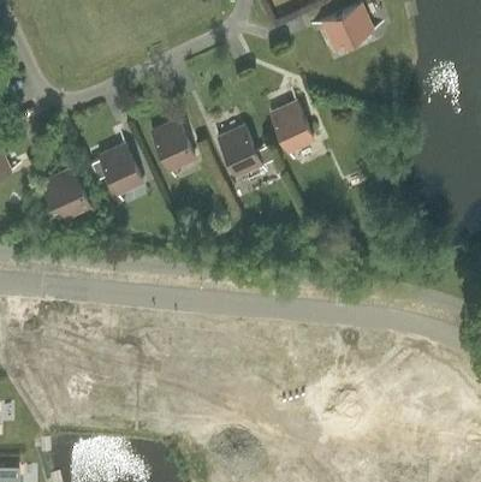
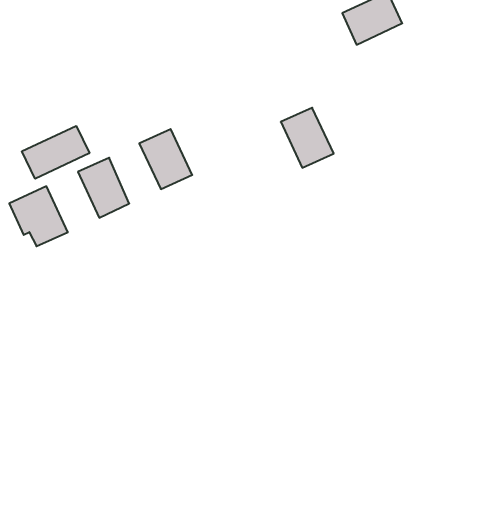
building: none -> [22,126,89,179]
building: [218,129,261,179] -> none

